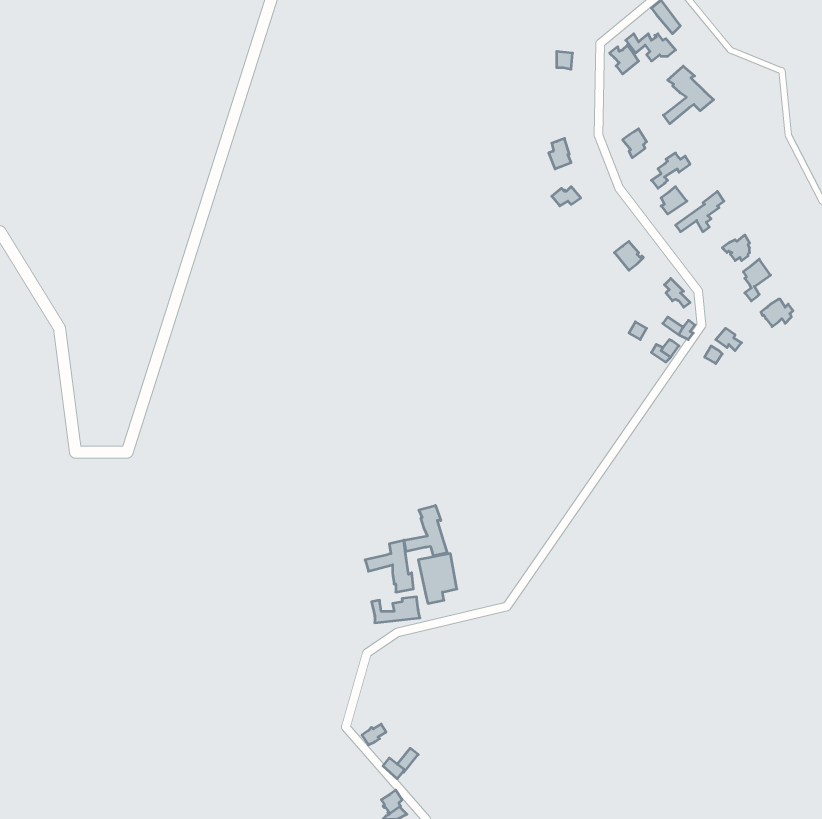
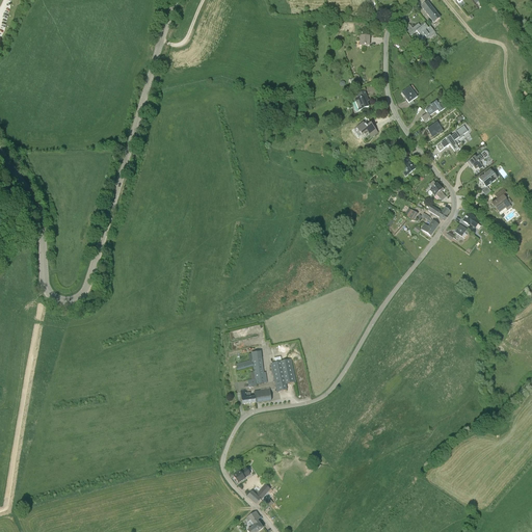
building: [663,66,714,124] -> none
building: [404,505,447,556] -> none

